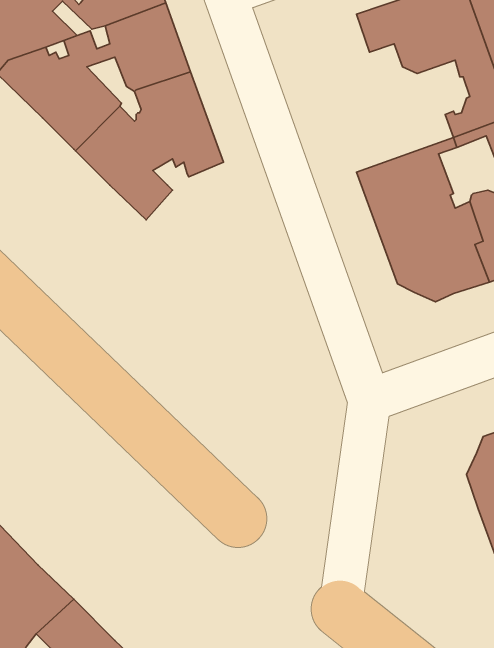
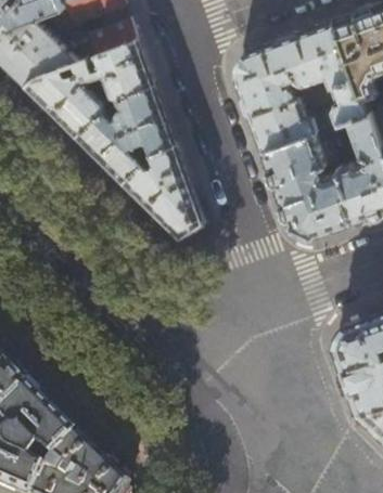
building: none -> [237,47,327,151]
building: none -> [124,144,203,238]

